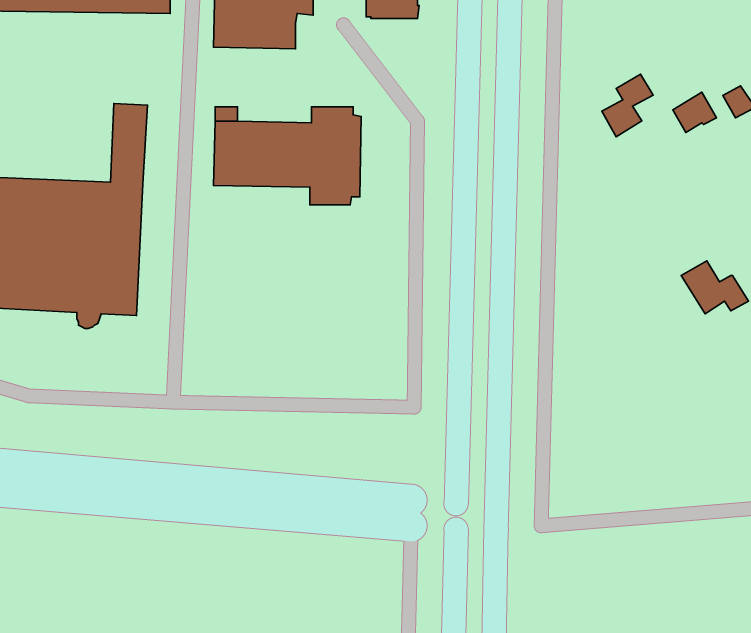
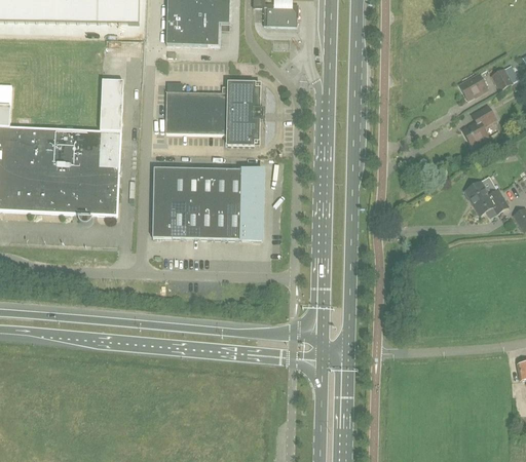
building: [602,74,653,137] -> [462,105,495,145]
building: none -> [152,166,263,238]

